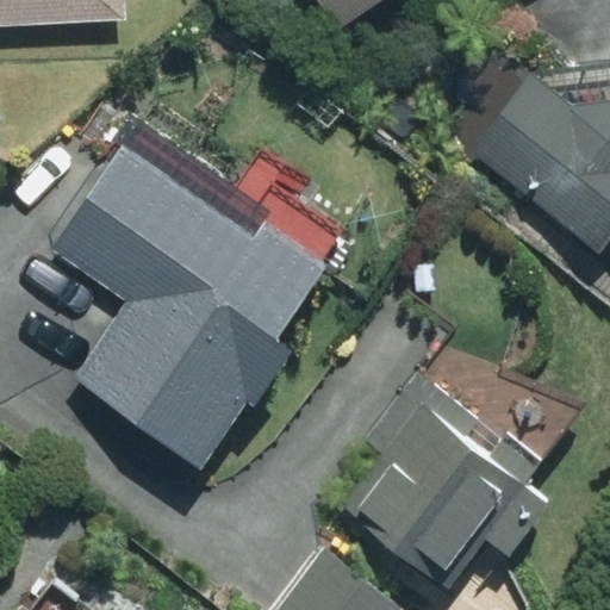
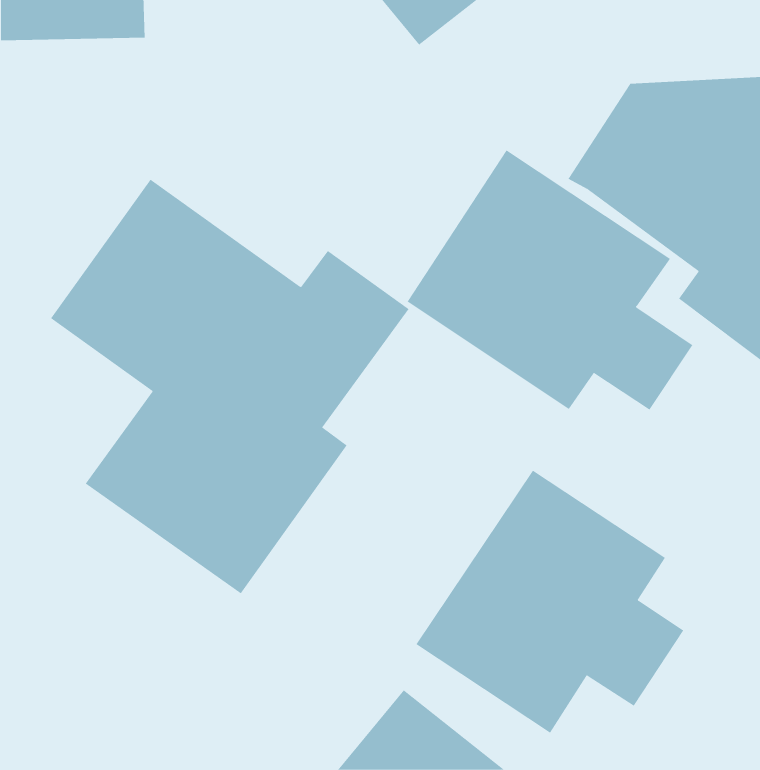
building: none -> [407,150,693,410]

